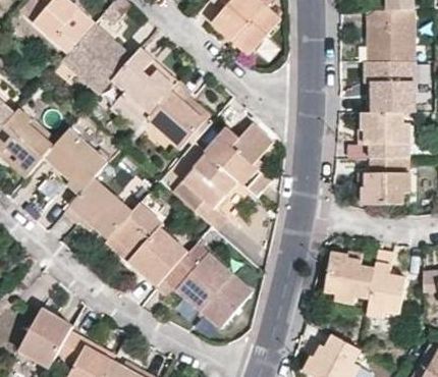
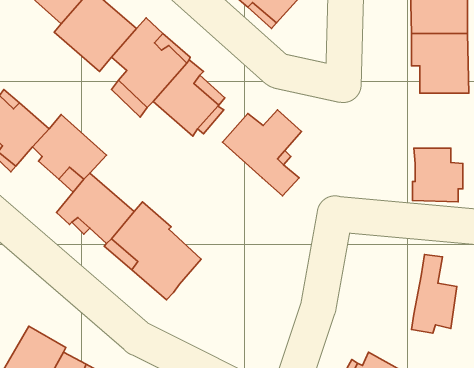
building: [360,111,407,158] -> none
building: [171,153,239,232] -> none
building: [156,244,251,329] -> none
building: [325,252,375,303] -> none

